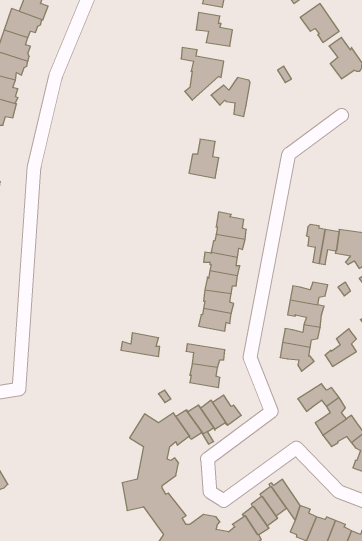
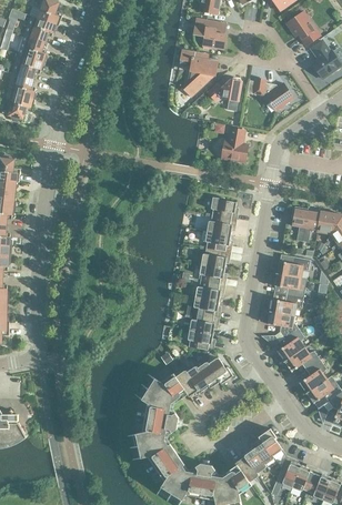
building: none -> [254,78,294,111]
building: [189,139,219,178] -> [222,128,249,162]
building: [325,329,356,366] -> [278,327,305,361]
building: [121,333,160,357] -> [187,296,221,317]

